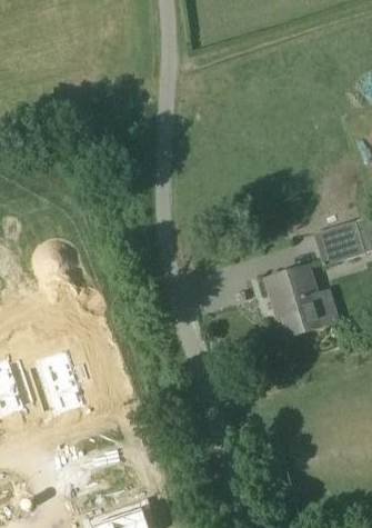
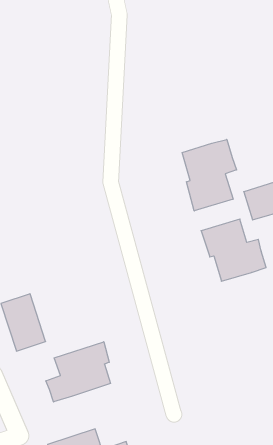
building: none -> [182,139,237,211]
building: none -> [46,342,111,402]

